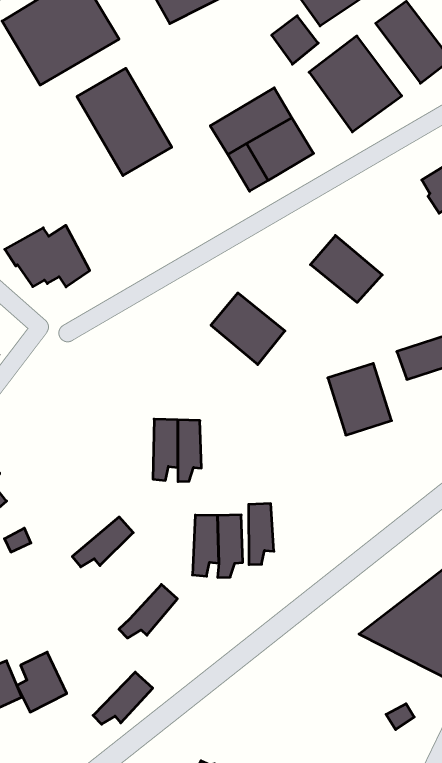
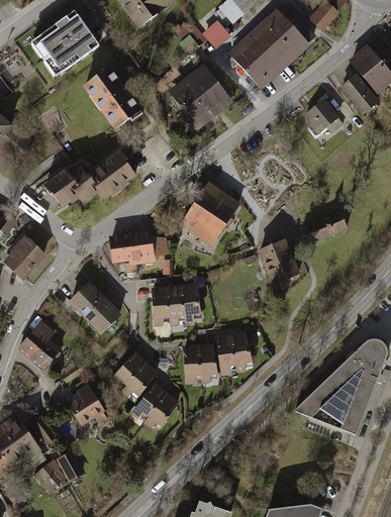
building: none -> [255,19,298,64]
building: none -> [87,151,137,202]
building: [310,235,382,302] -> [195,180,241,221]
building: none -> [112,232,169,264]
building: none -> [70,281,123,333]
building: none -> [179,281,199,322]
building: none -> [229,330,250,372]
building: none -> [118,359,155,395]
building: [17,652,67,712] -> [70,384,102,423]
building: [93,672,153,724] -> [128,382,165,417]

